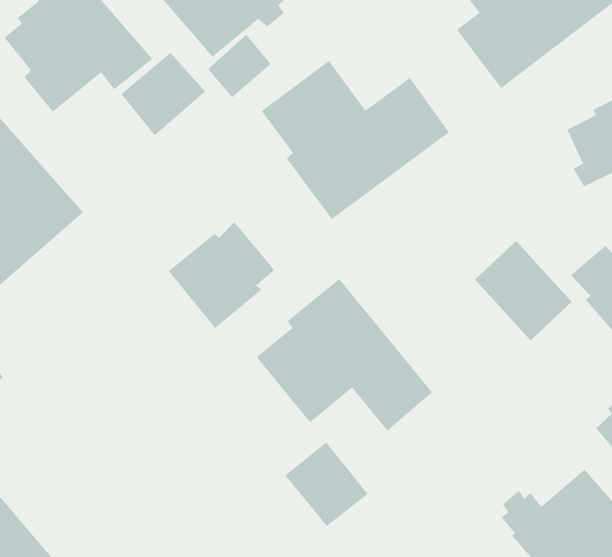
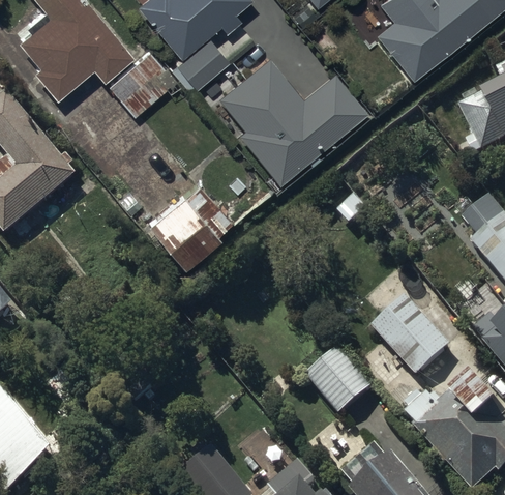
building: [474,240,573,341] -> [373,298,450,378]
building: [256,278,433,431] -> none
building: [285,441,368,527] -> [306,349,373,416]

